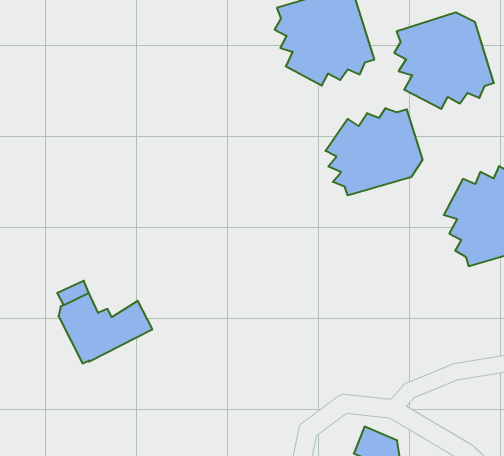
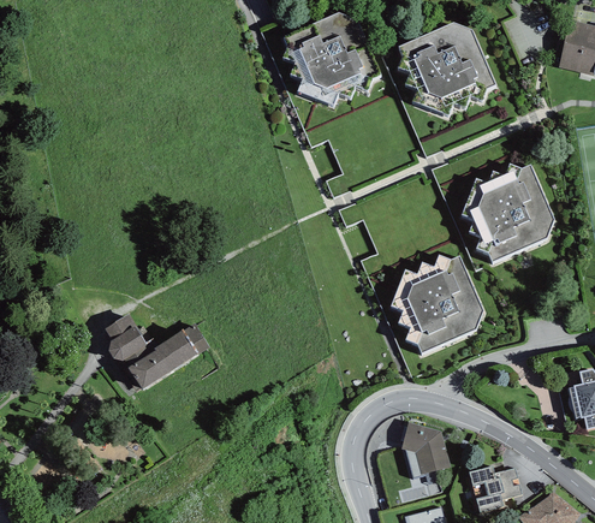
building: [325,108,422,195] -> none
building: none -> [391,254,483,351]

